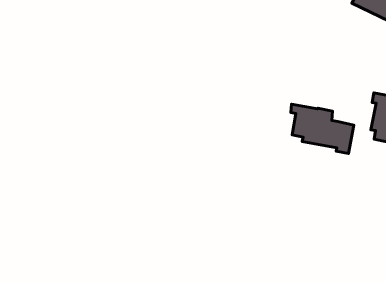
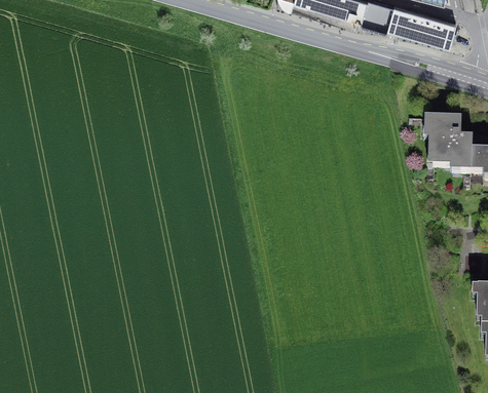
building: [291,104,354,154] -> none

